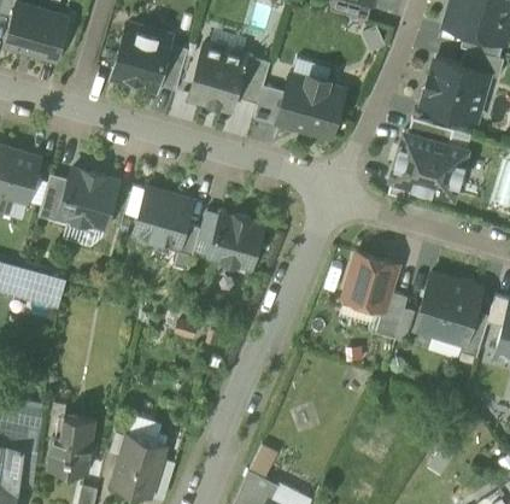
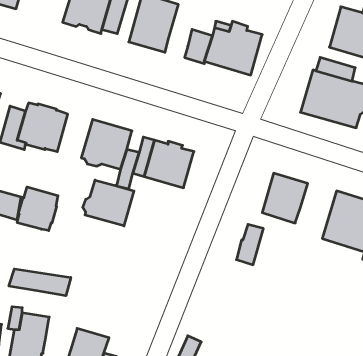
building: [234,55,269,104] -> none
building: none -> [83,180,134,226]
building: none -> [17,187,58,231]
building: [375,292,406,339] -> [236,224,263,265]
building: none -> [9,269,71,296]

